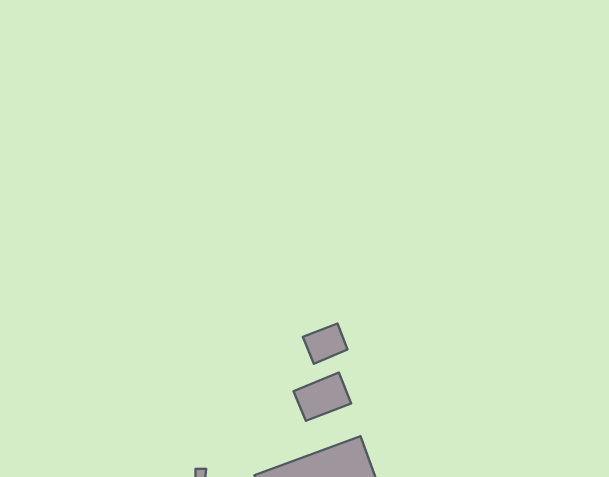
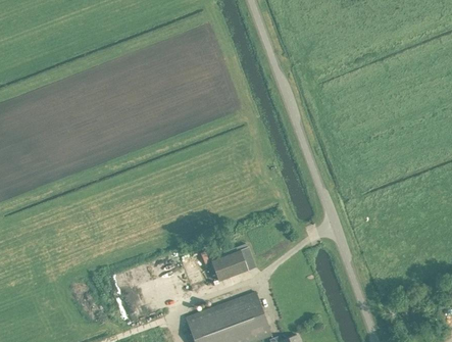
building: [303,323,347,364] -> none

